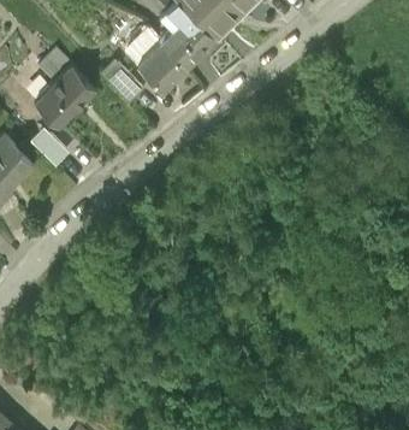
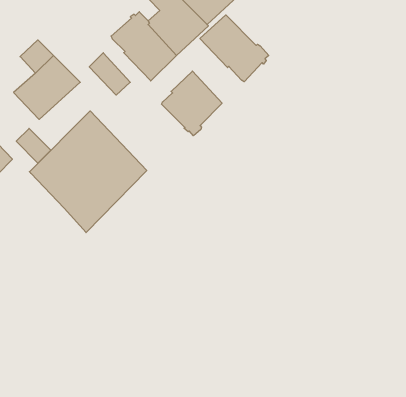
building: none -> [200,15,269,82]
building: none -> [162,71,222,136]
building: none -> [29,111,147,233]

